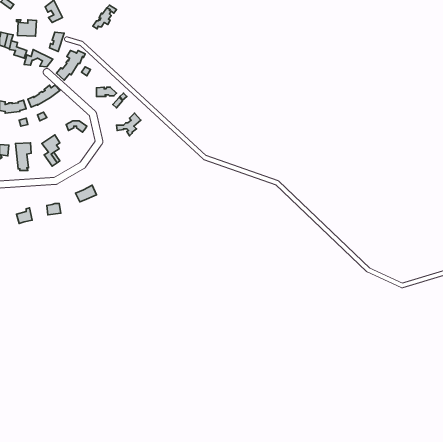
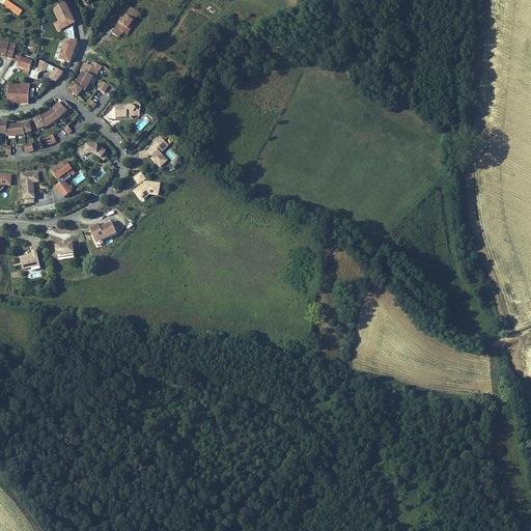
building: [17,20,36,36] -> [5,82,29,102]
building: none -> [132,169,160,198]

